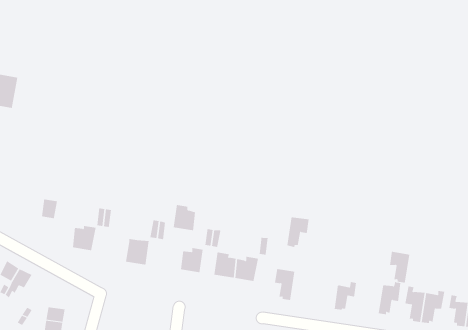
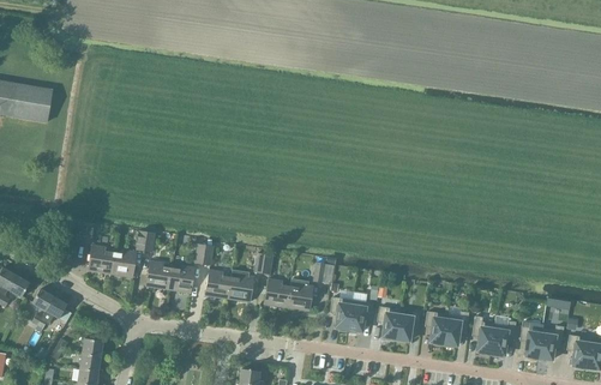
building: [173,204,196,231] -> [205,269,230,297]
building: [286,217,310,248] -> [348,300,373,333]
building: none -> [88,245,113,273]
building: none -> [145,260,172,289]
building: [389,251,410,283] -> [425,311,447,345]
building: none -> [377,306,399,341]

